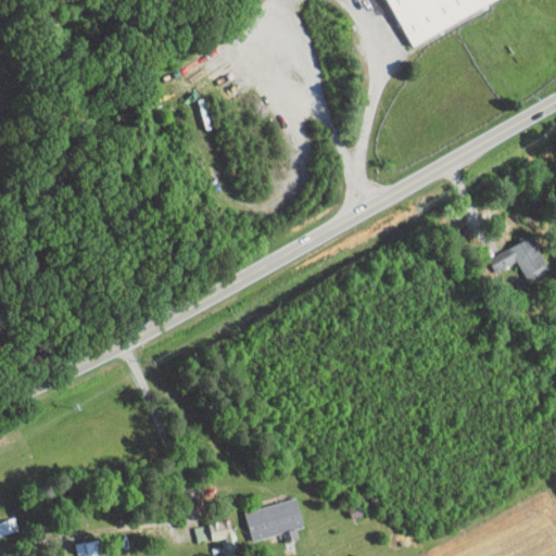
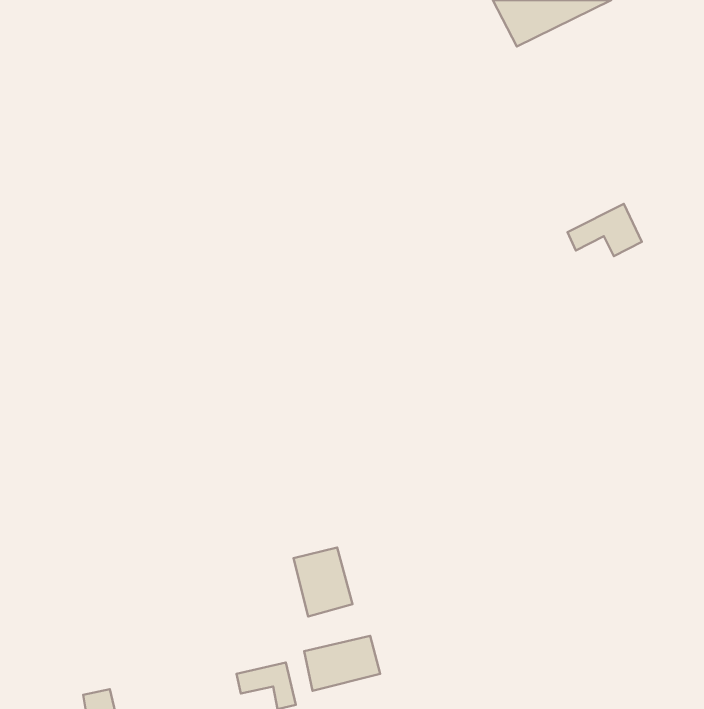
building: [489,237,546,277] -> [567,204,642,256]
building: none -> [294,548,352,617]

